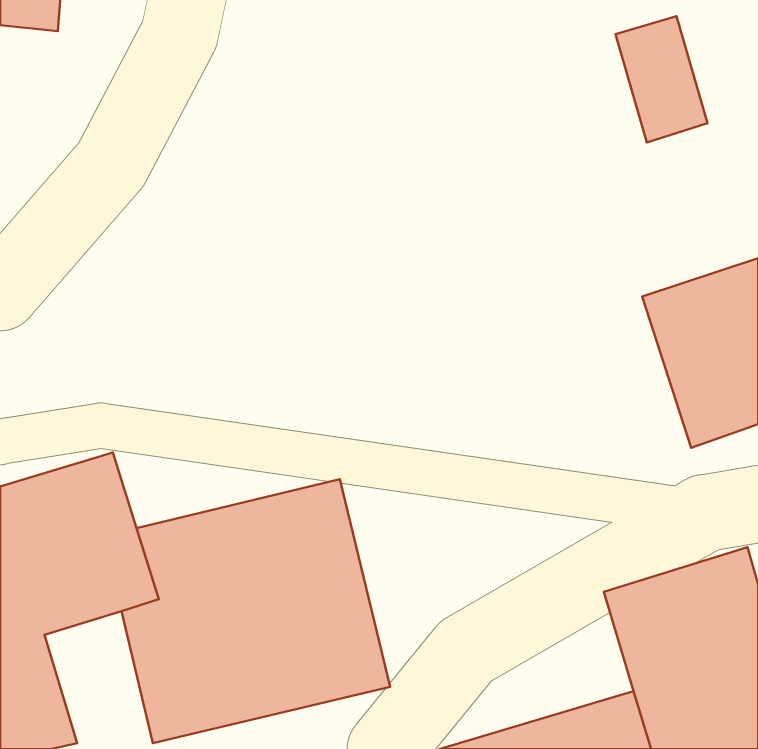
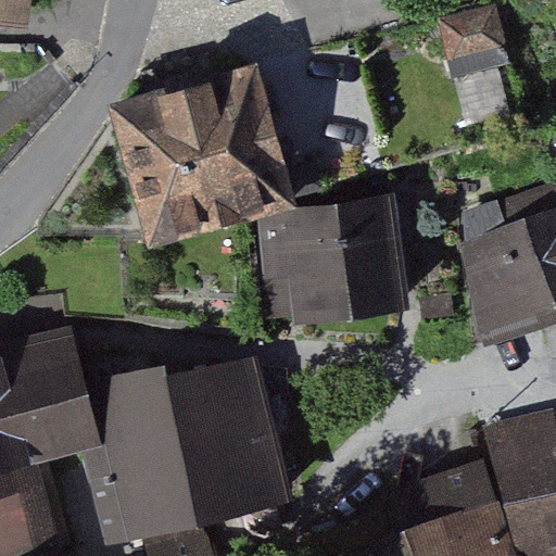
building: none -> [110,76,298,255]
building: none -> [278,211,405,338]

